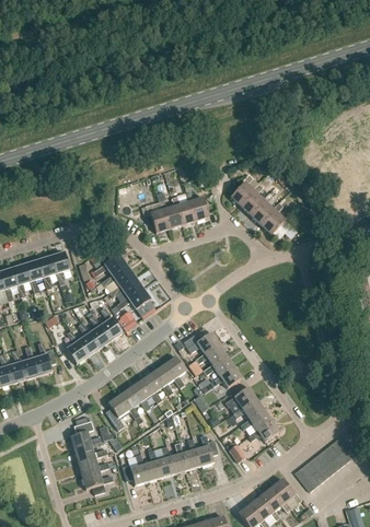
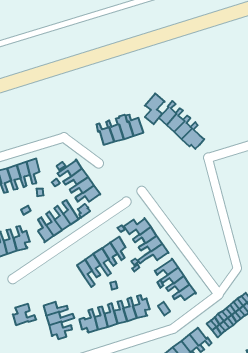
building: none -> [145,93,165,124]
building: [105,394,129,430] -> none
building: [70,420,102,448] -> [13,304,36,325]

